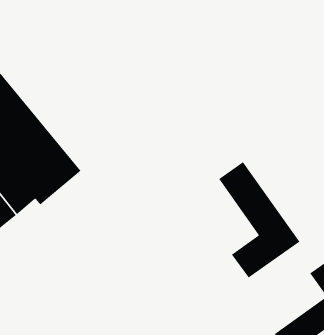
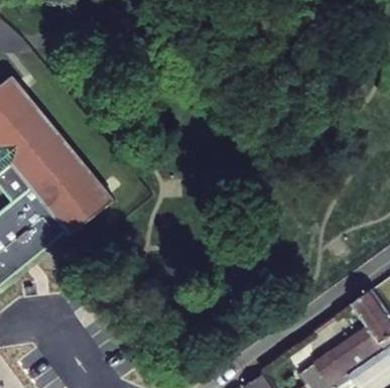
building: [218,161,300,278] -> none

